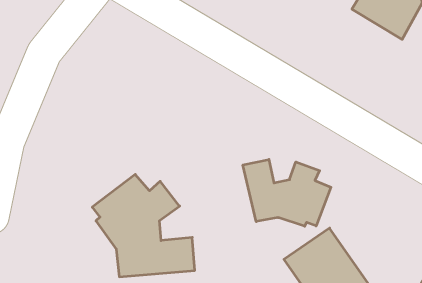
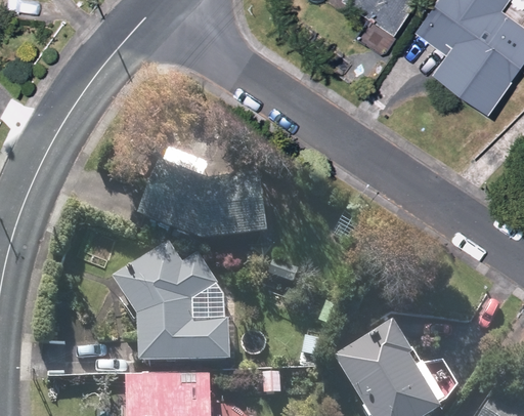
building: none -> [139,161,270,241]
building: [243,159,331,226] -> none

